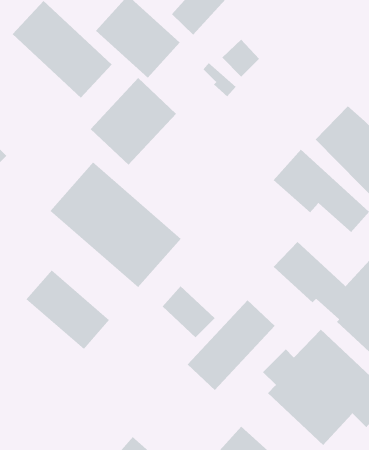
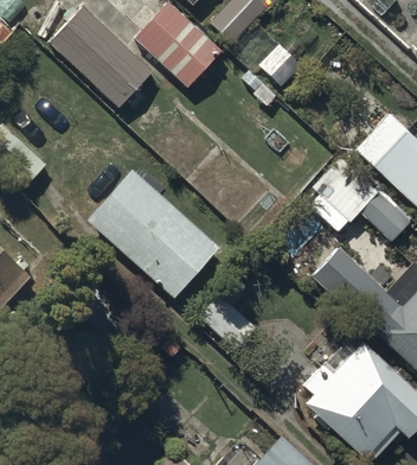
building: [90,77,177,166] -> none
building: [26,269,110,350] -> none
building: [187,300,276,391] -> none

